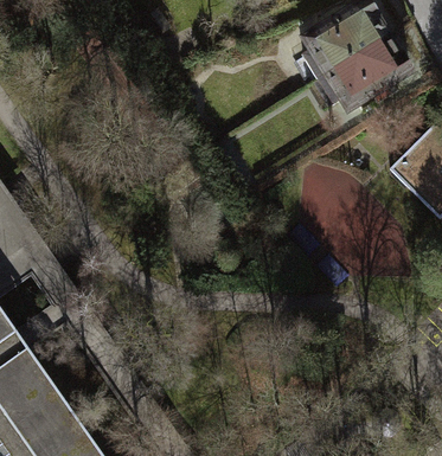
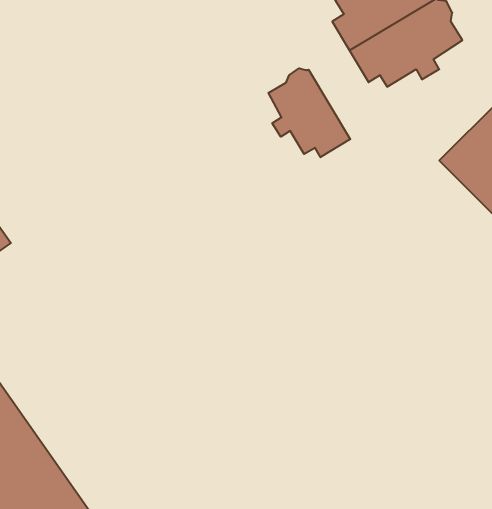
building: none -> [268,68,350,157]

